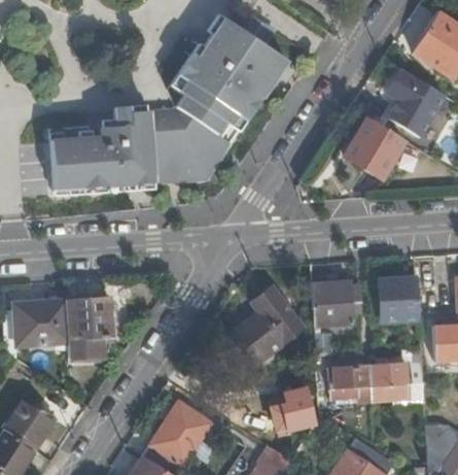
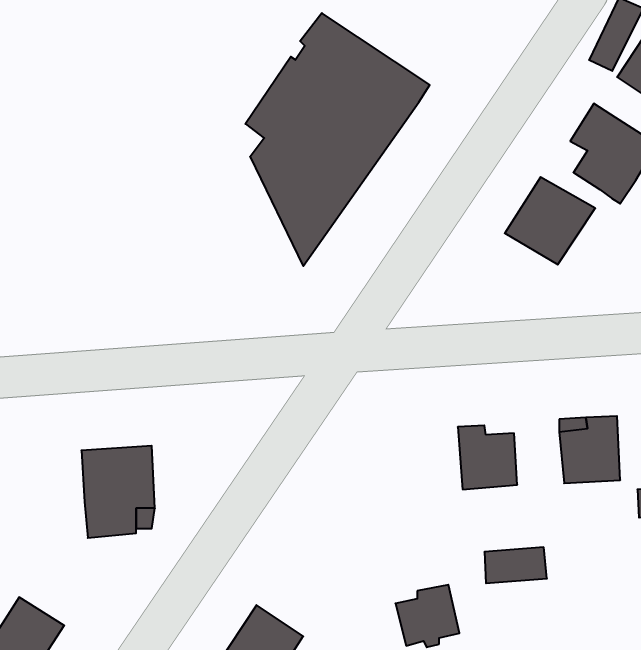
building: [52,104,210,186] -> none
building: [231,287,302,367] -> none
building: [14,301,66,345] -> none
building: [368,362,424,401] -> none

